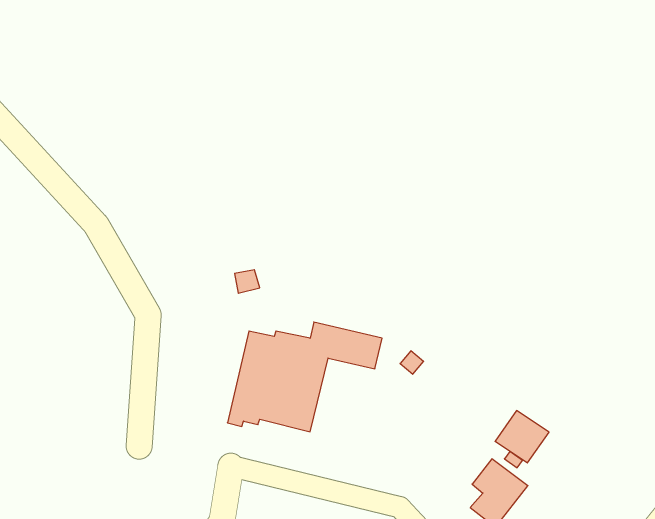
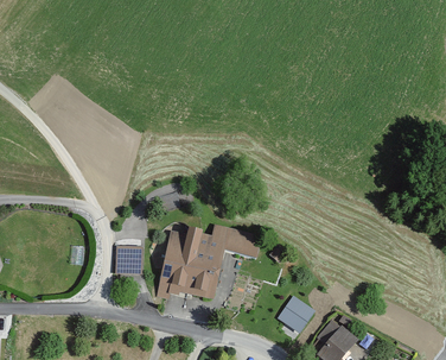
building: none -> [115,247,139,273]
building: [495,411,549,463] -> [276,297,312,331]

